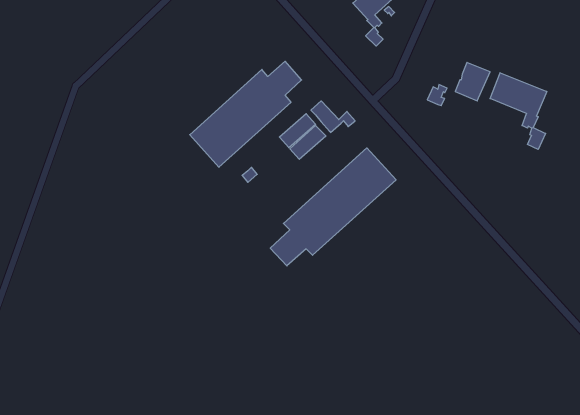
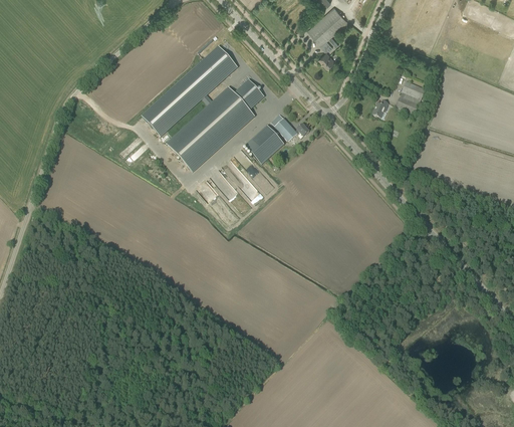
building: none -> [143,45,238,135]
building: [490,73,547,149] -> none
building: [270,148,396,266] -> none

